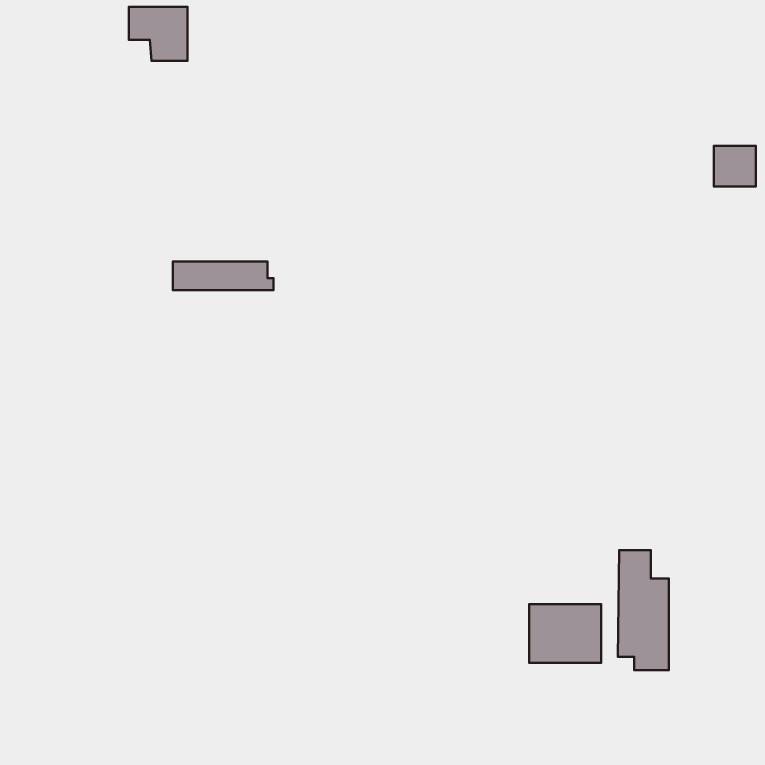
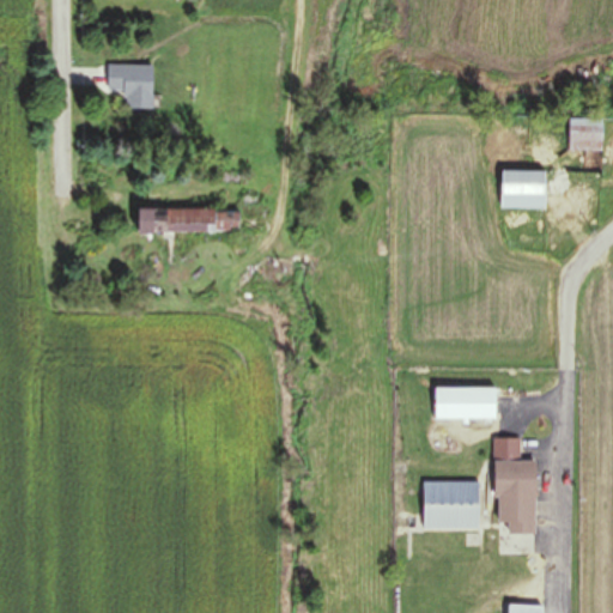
building: [129,7,188,61] -> [108,63,154,107]
building: none -> [502,169,546,206]
building: none -> [435,388,496,419]

